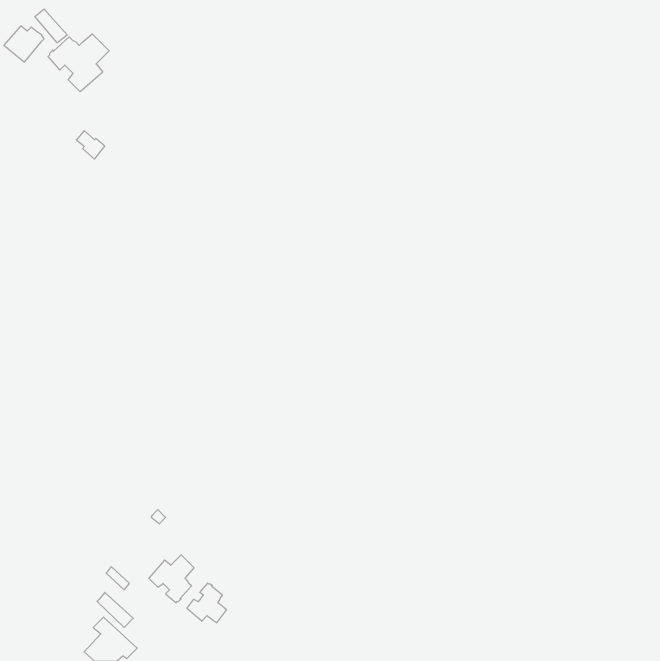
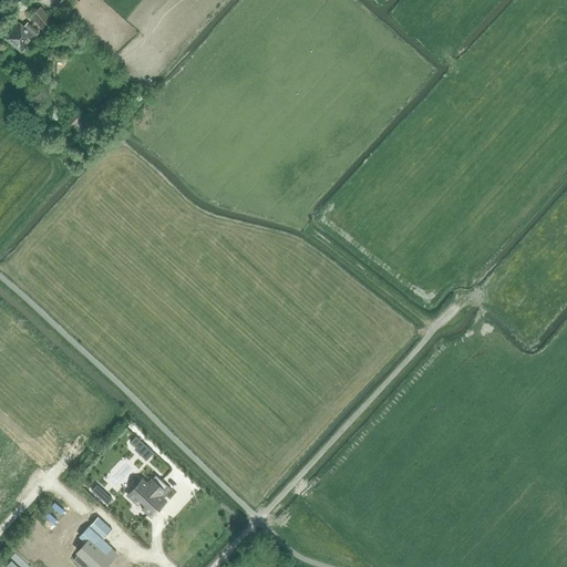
building: [48,34,109,92] -> none
building: [187,583,226,623] -> none

